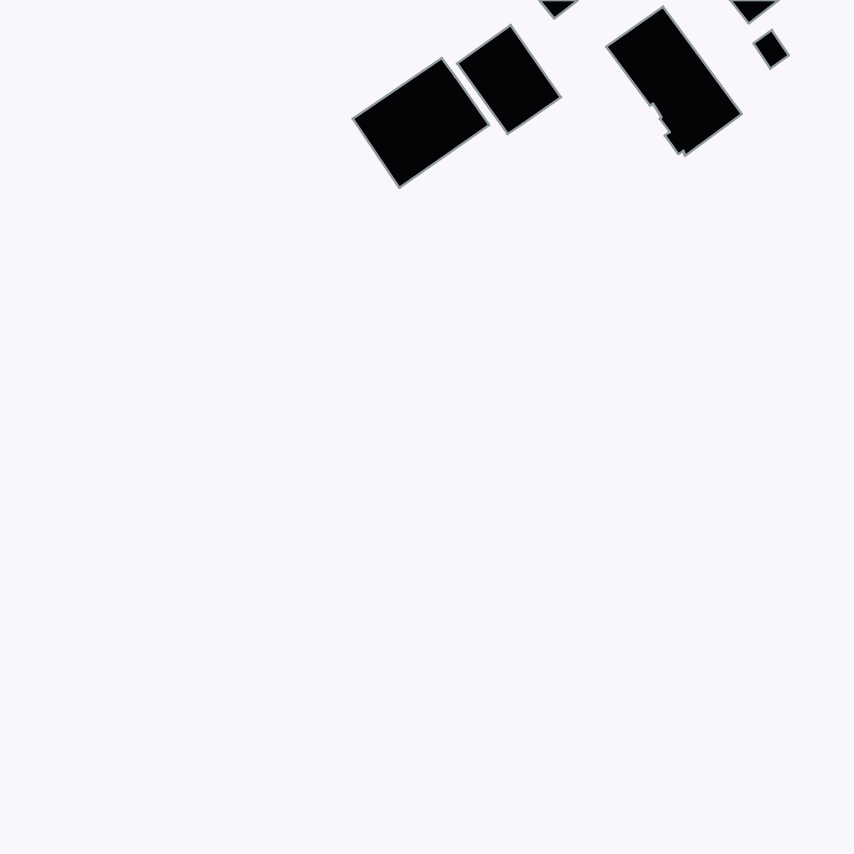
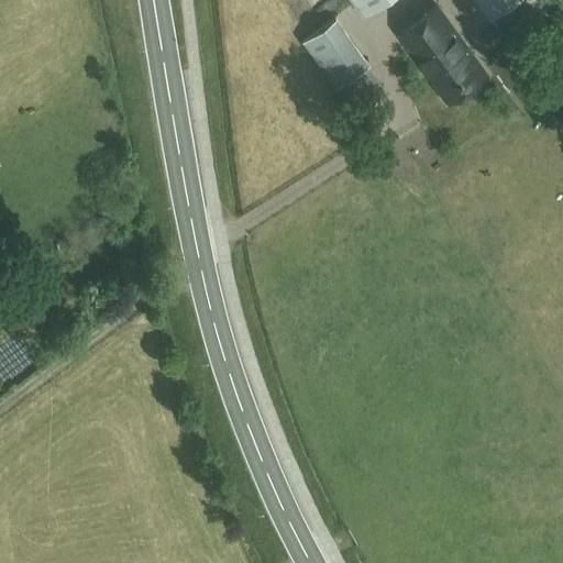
building: [353,58,489,188] -> none

